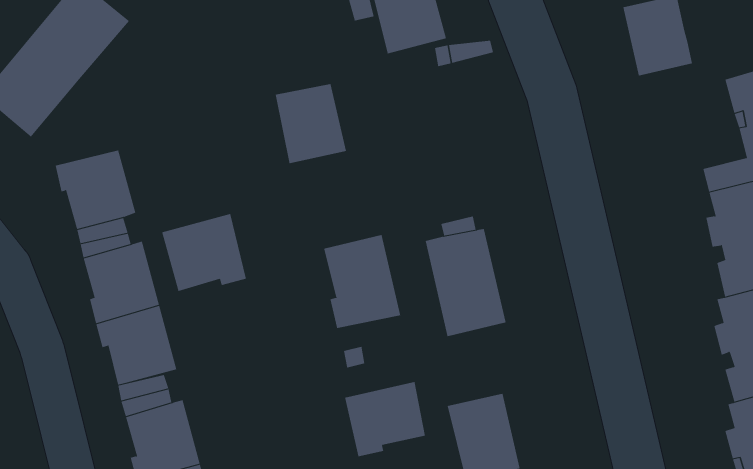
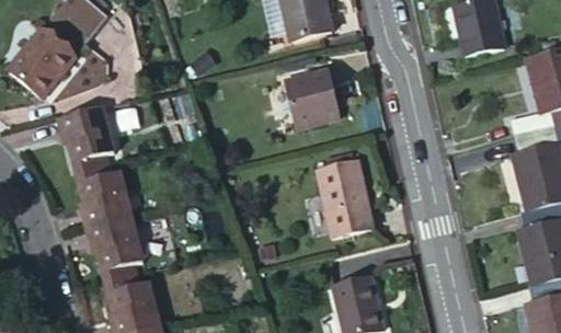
building: [275,84,347,164] -> [289,70,340,126]
building: [162,213,247,292] -> none
building: [323,234,401,329] -> none
building: [345,381,426,457] -> none

